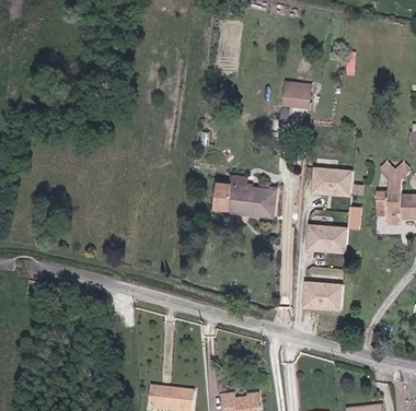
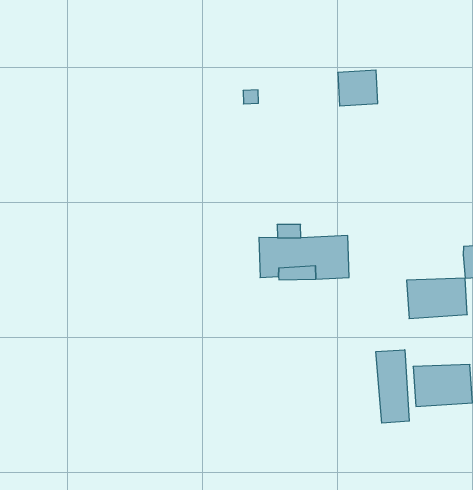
building: [313,167,354,196] -> none
building: none -> [376,350,409,423]

